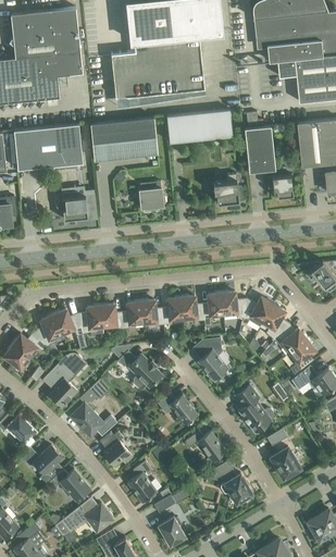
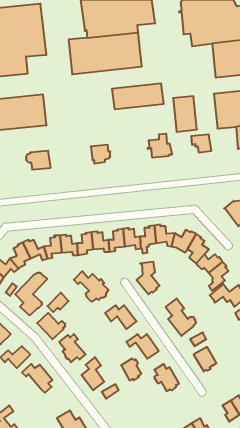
building: [90,117,158,160] -> none
building: [61,497,113,532] -> none
building: [159,517,185,545] -> [121,358,141,380]

